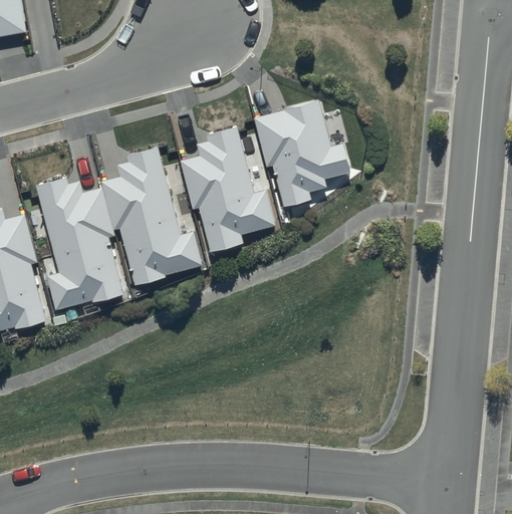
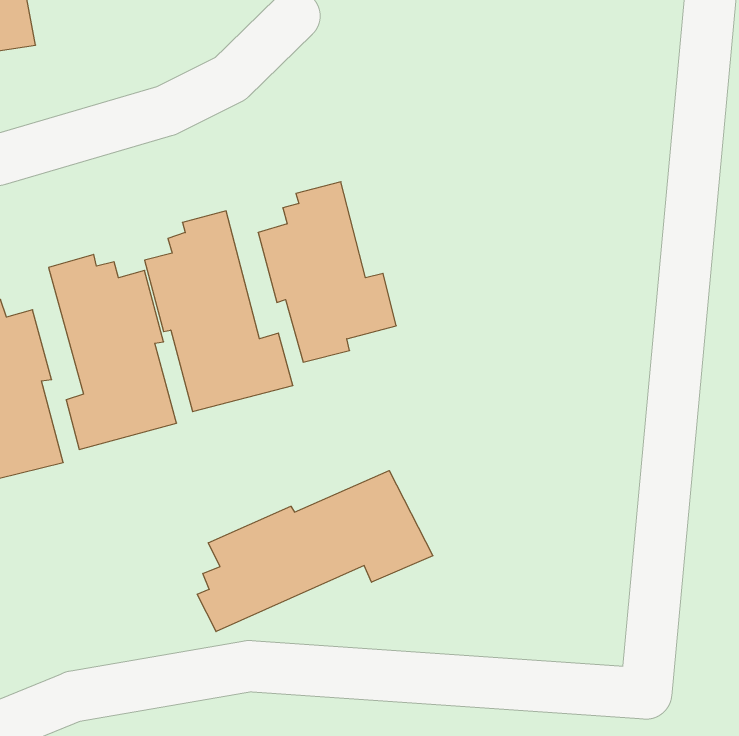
building: [253,100,350,207] -> none
building: none -> [197,471,433,632]

